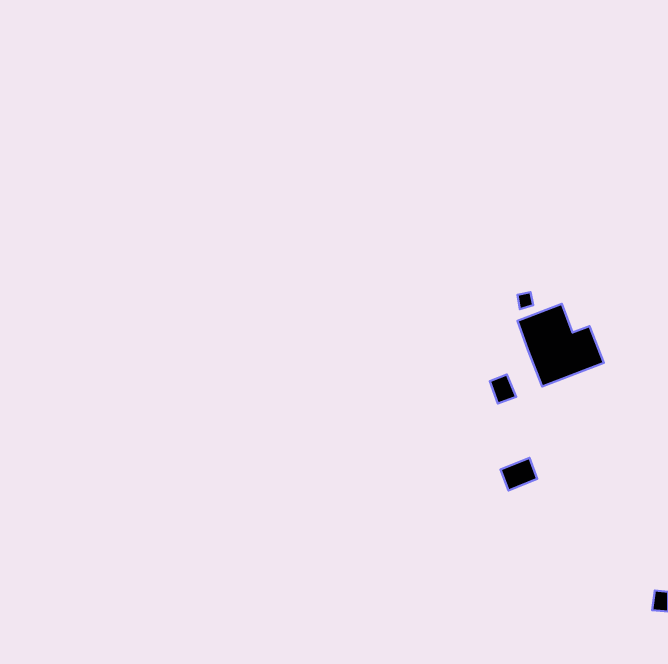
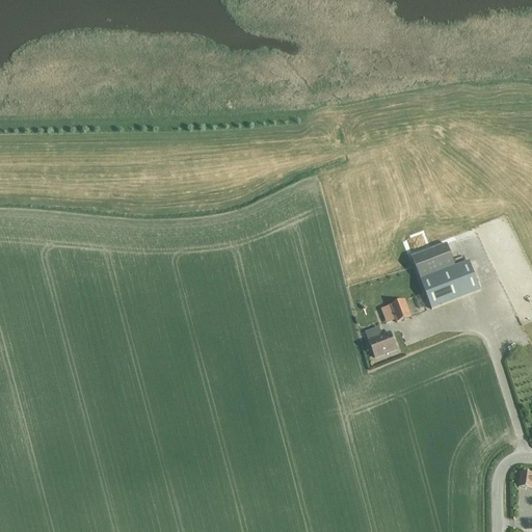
building: [501,458,537,490] -> [367,329,396,355]

